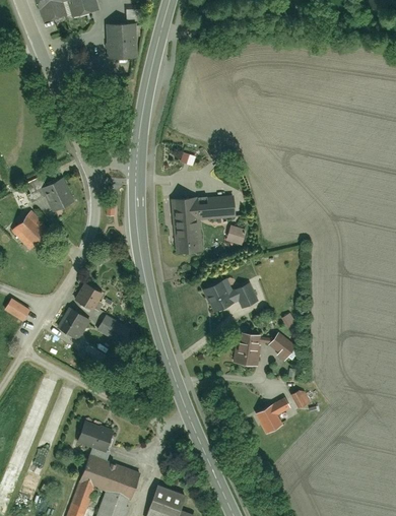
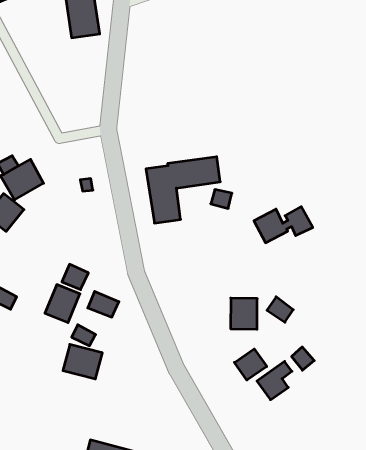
building: [204,280,260,312] -> [254,207,313,243]
building: none -> [234,349,267,380]
building: [78,417,118,453] -> [63,344,102,379]

